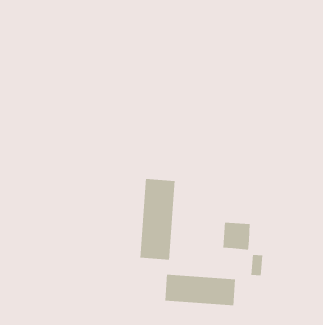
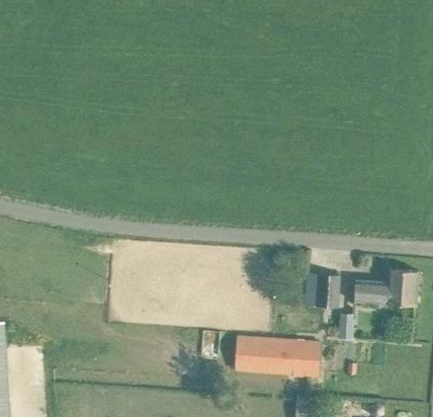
building: [140,178,175,260] -> none
building: none -> [353,270,418,306]

